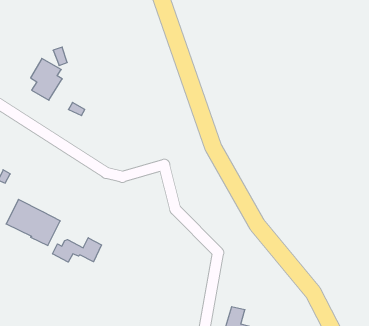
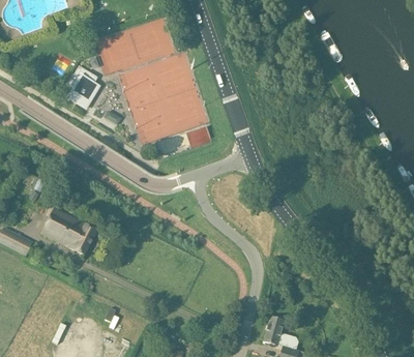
building: [53,238,101,262] -> none

